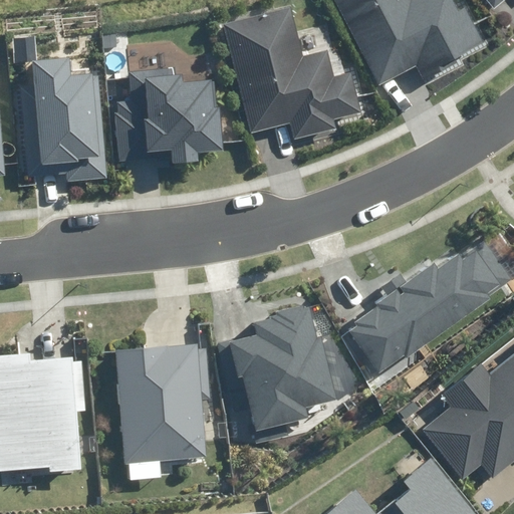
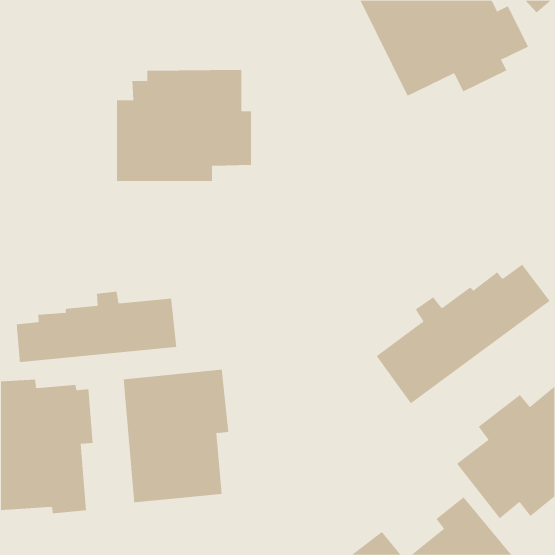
building: [226,7,366,140] -> none
building: [21,58,106,181] -> none
building: none -> [16,291,177,363]
building: [231,302,334,432] -> none

